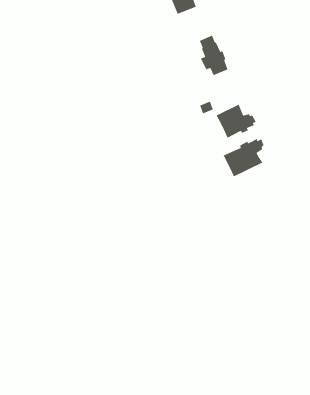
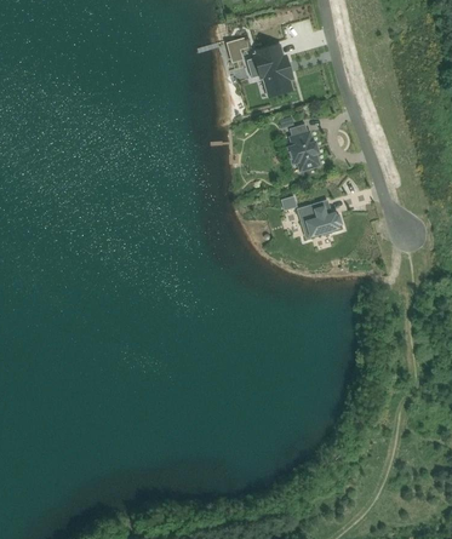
building: [223,138,265,178] -> none

